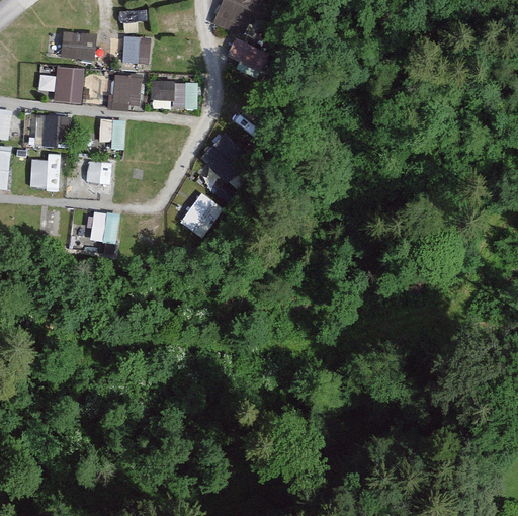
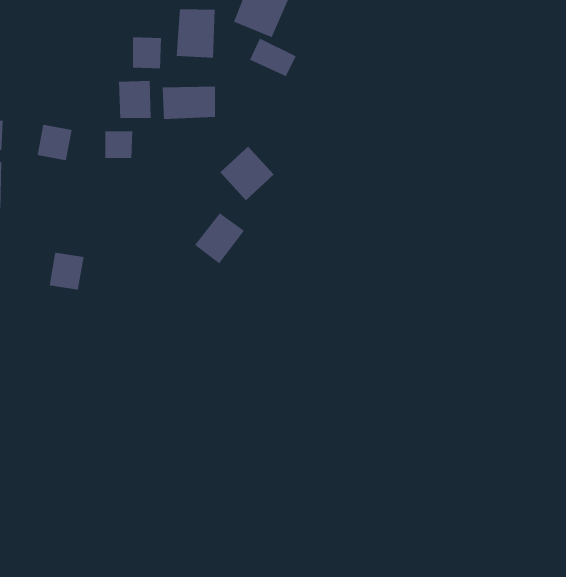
building: none -> [176,9,215,58]
building: [60,30,97,63] -> none
building: [54,66,83,101] -> none
building: [29,157,60,188] -> none
building: [88,210,119,244] -> [49,252,84,290]

